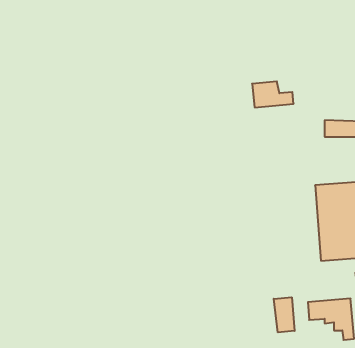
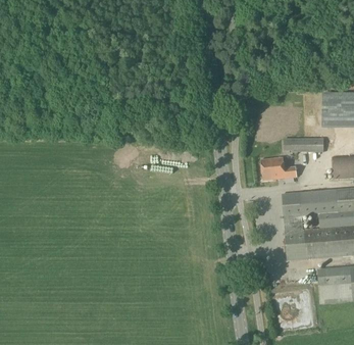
building: [252,81,294,107] -> [261,156,297,179]
building: [274,297,295,332] -> none

